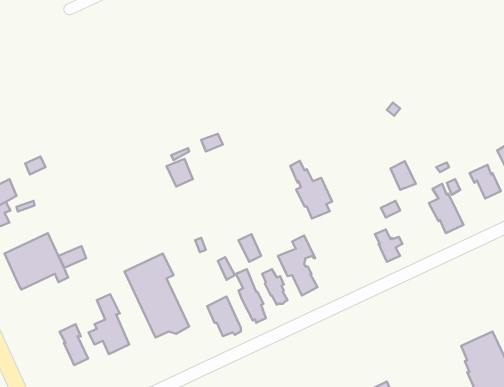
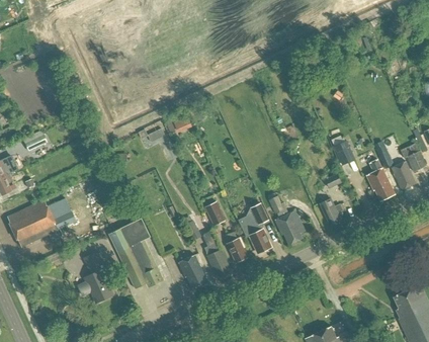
building: [290,161,332,218] -> [270,195,306,244]
building: none -> [391,161,415,189]
building: [59,324,88,365] -> none

